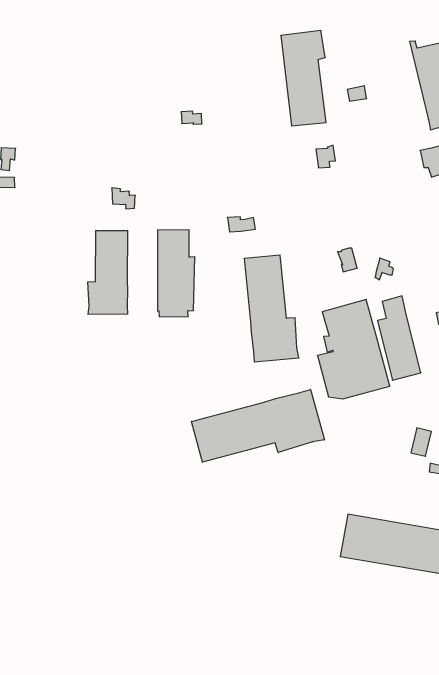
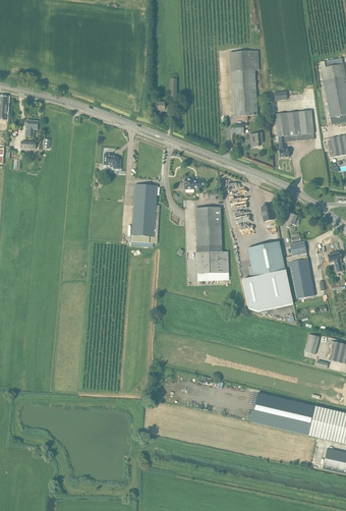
building: none -> [275,110,314,157]
building: [88,230,128,314] -> none
building: [191,389,324,462] -> none

